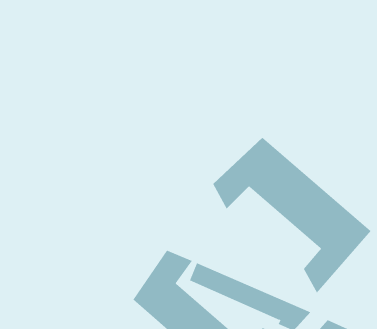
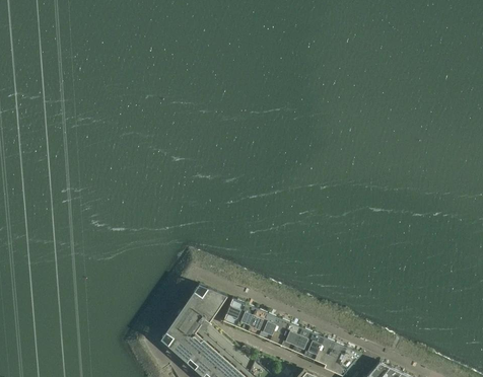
building: [213,137,371,294] -> none

